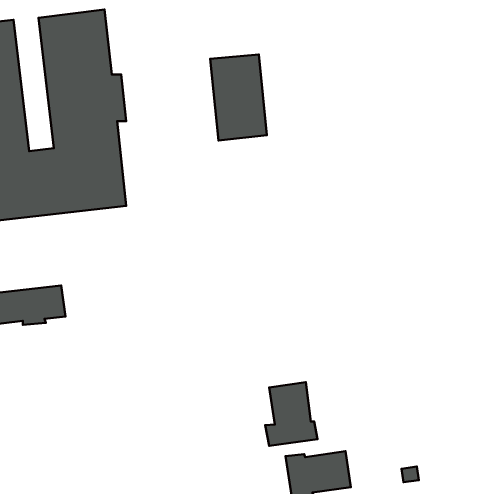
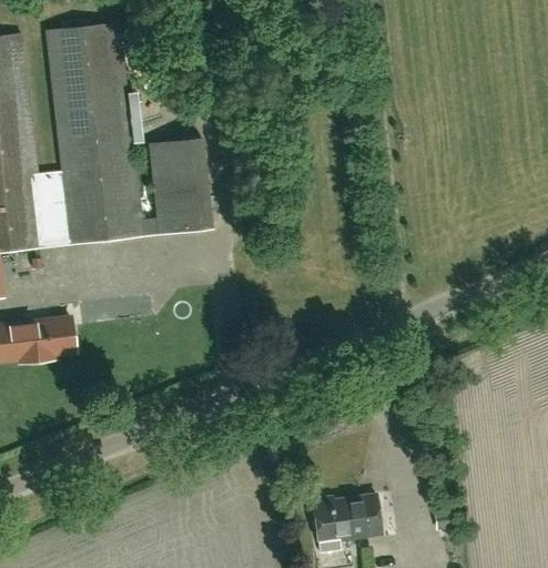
building: [210,55,267,140] -> [149,140,210,232]
building: [265,382,317,446] -> none

